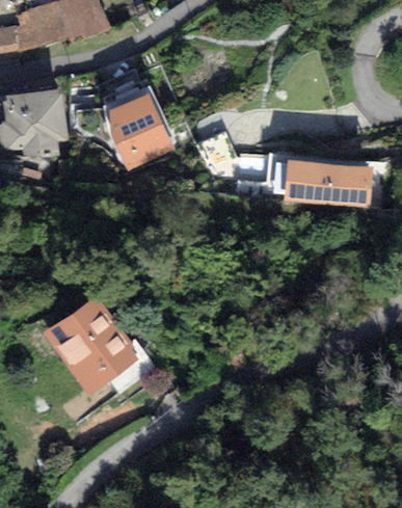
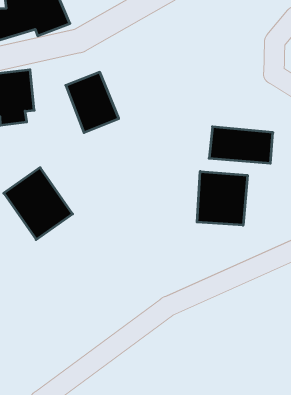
building: none -> [197,171,247,225]
building: [49,299,135,390] -> [4,168,73,240]

